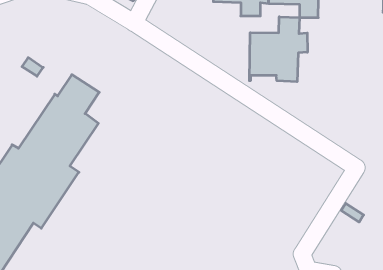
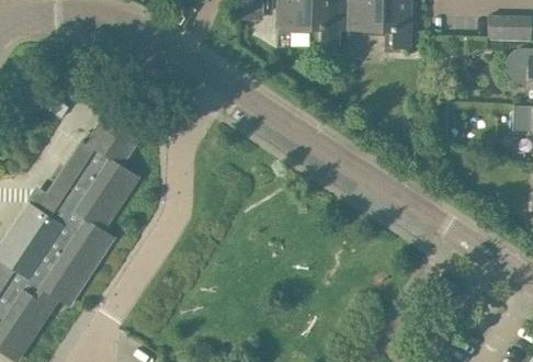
building: [249,17,307,82] -> none

